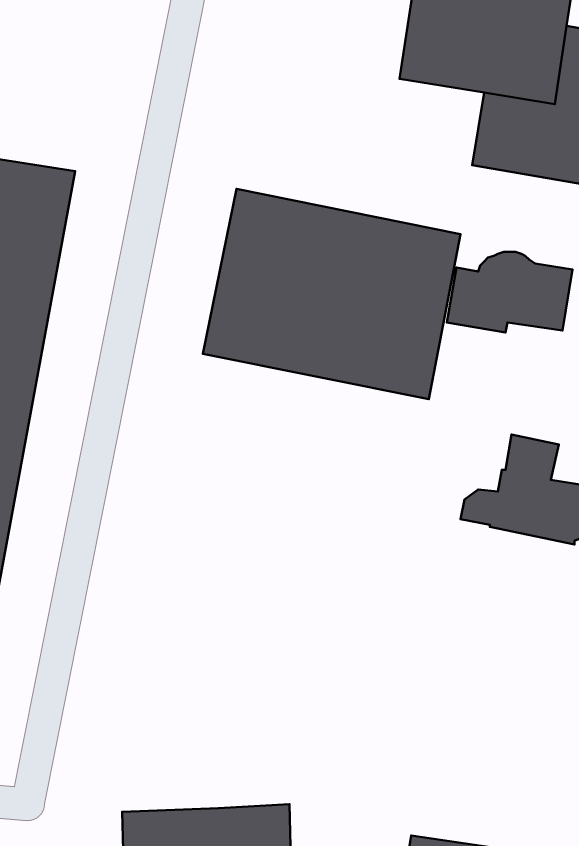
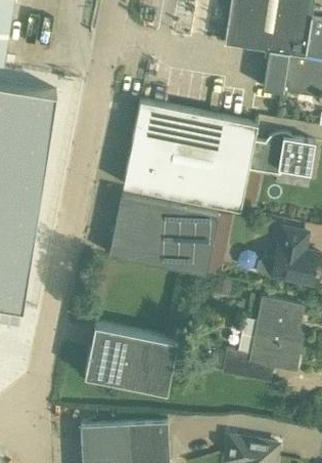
building: none -> [110,197,220,278]
building: none -> [213,301,304,380]
building: none -> [86,326,178,393]

